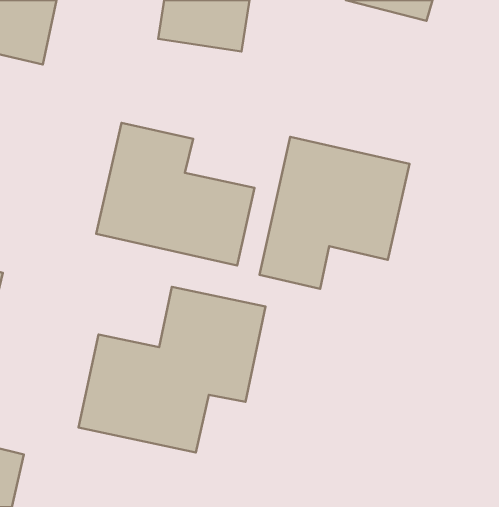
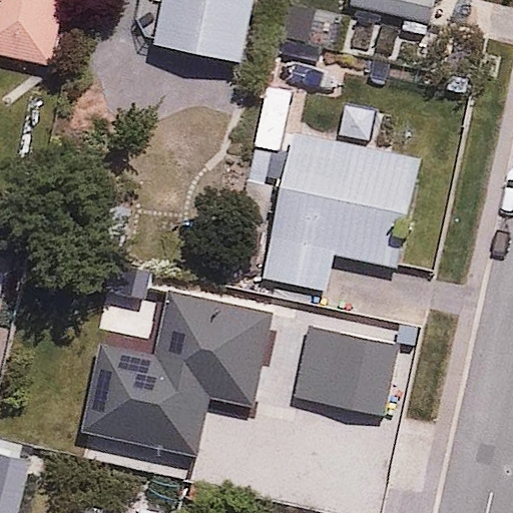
building: [96,123,254,266] -> none
building: none -> [289,321,400,418]

